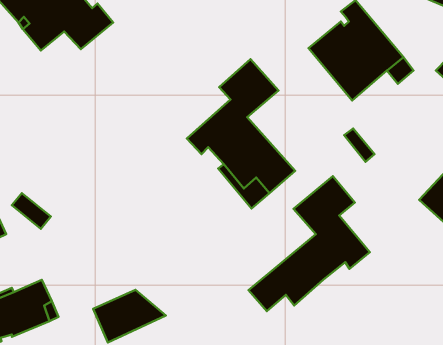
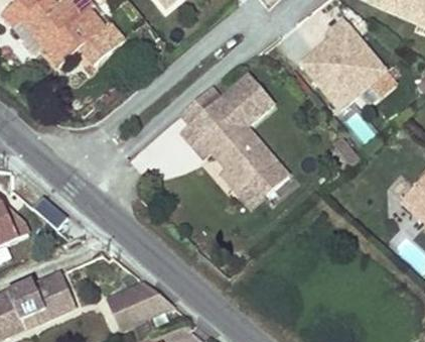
building: none -> [180,88,231,145]
building: [248,176,370,311] -> none

